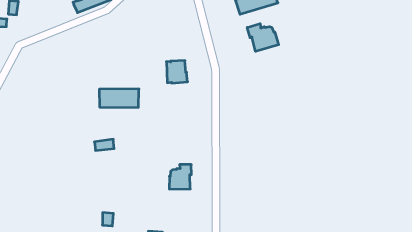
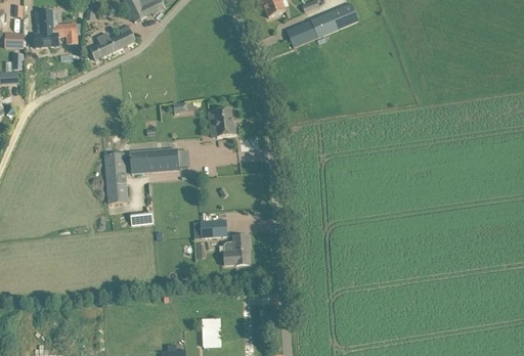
building: [247,24,279,51] -> none
building: none -> [103,151,128,203]
building: none -> [191,219,226,236]

